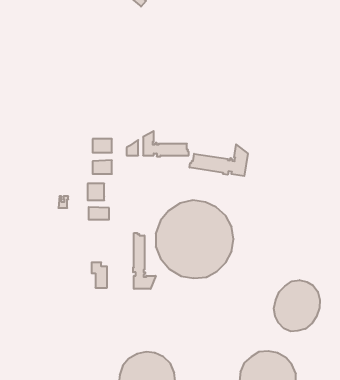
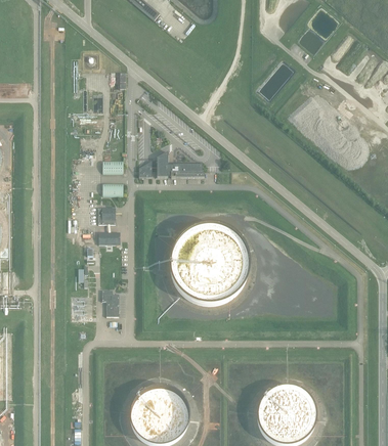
building: [190,144,248,176] -> none
building: [133,233,156,289] -> none
building: [274,280,320,331] -> none

